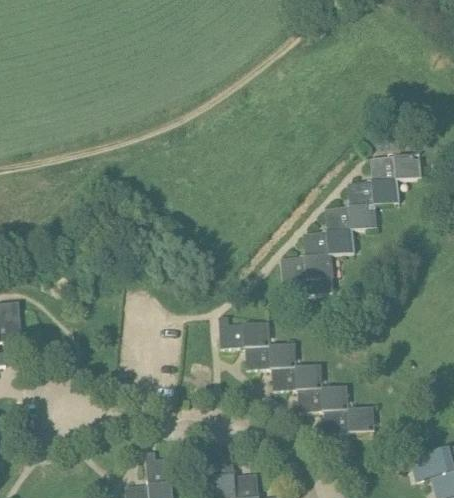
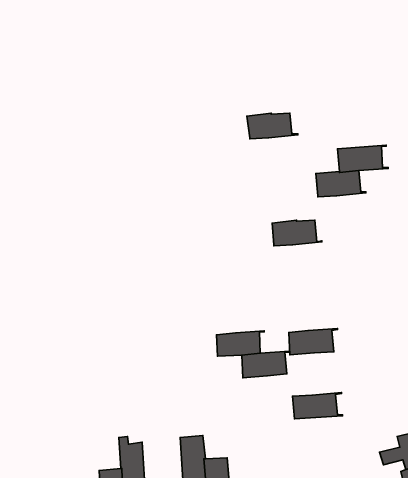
building: [325,205,377,231] -> [247,113,298,139]
building: [281,255,328,295] -> none
building: [219,316,269,348] -> none
building: [298,385,348,412] -> [289,328,338,355]

